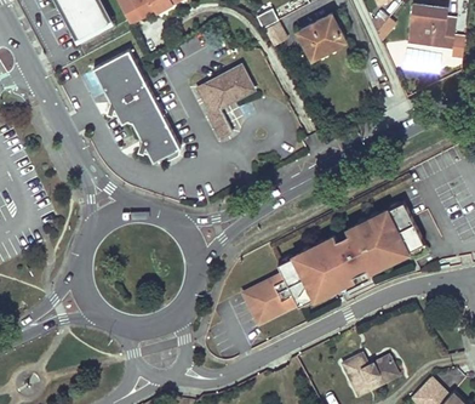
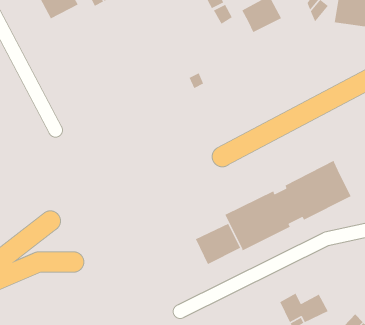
building: [95,49,181,160] -> none
building: [198,67,253,138] -> none

